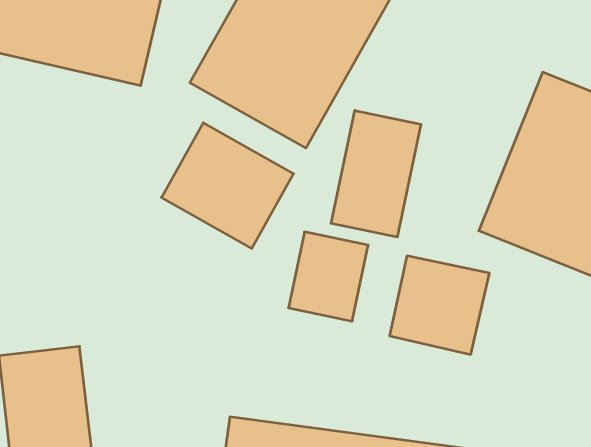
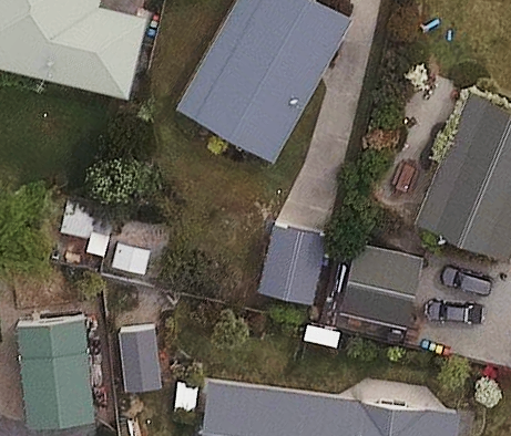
building: [331,110,421,237] -> none
building: [161,123,294,248] -> none

